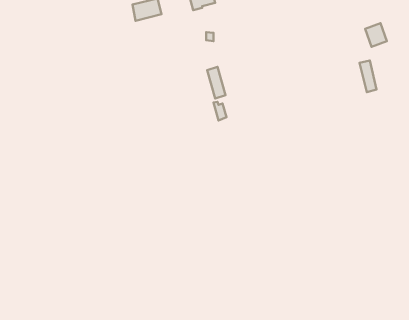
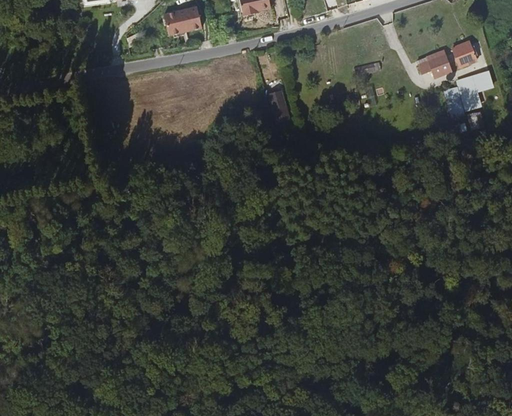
building: none -> [420,47,456,73]
building: none -> [461,70,487,108]

